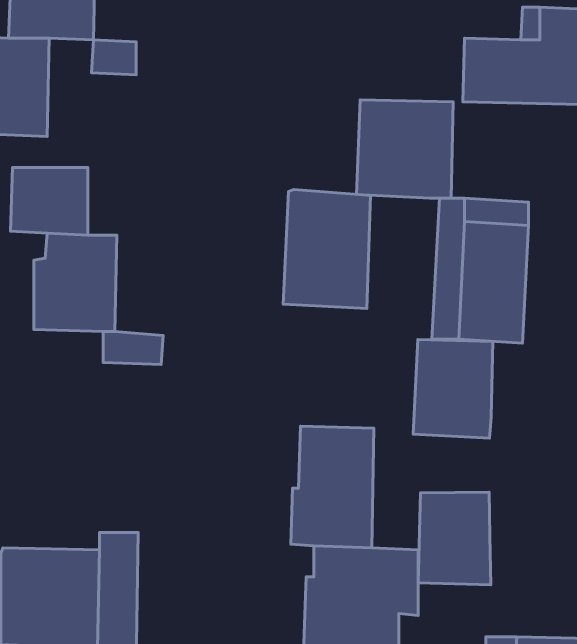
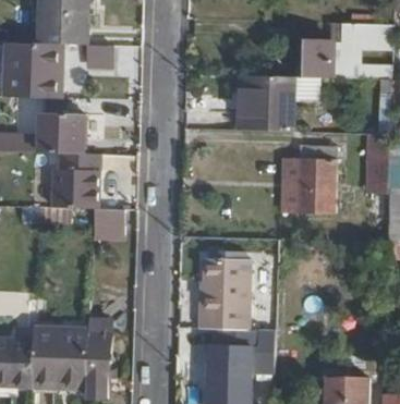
building: [283,190,371,308] -> none
building: [413,340,493,438] -> none
building: [418,492,491,585] -> none

